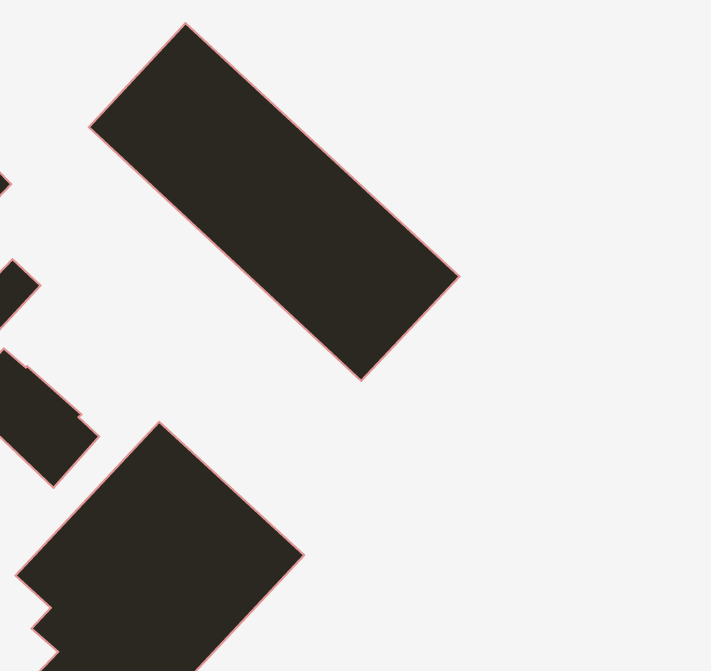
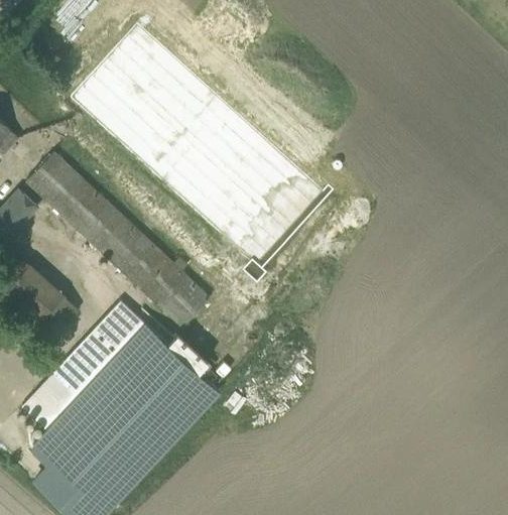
building: none -> [27,151,210,327]

